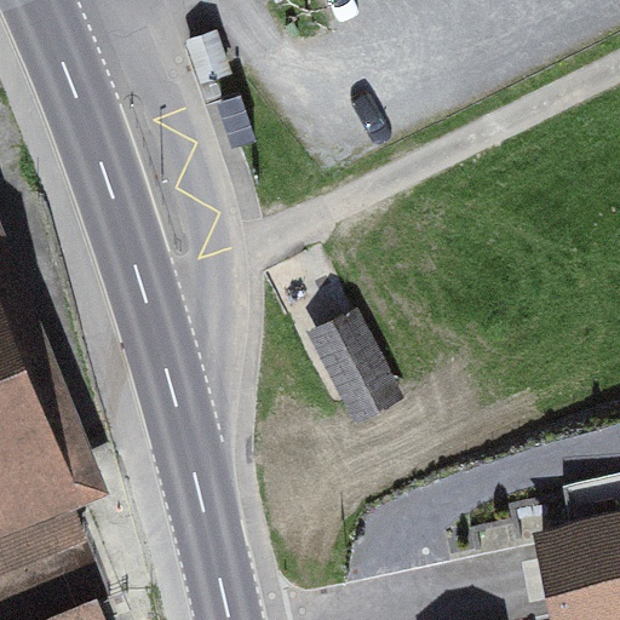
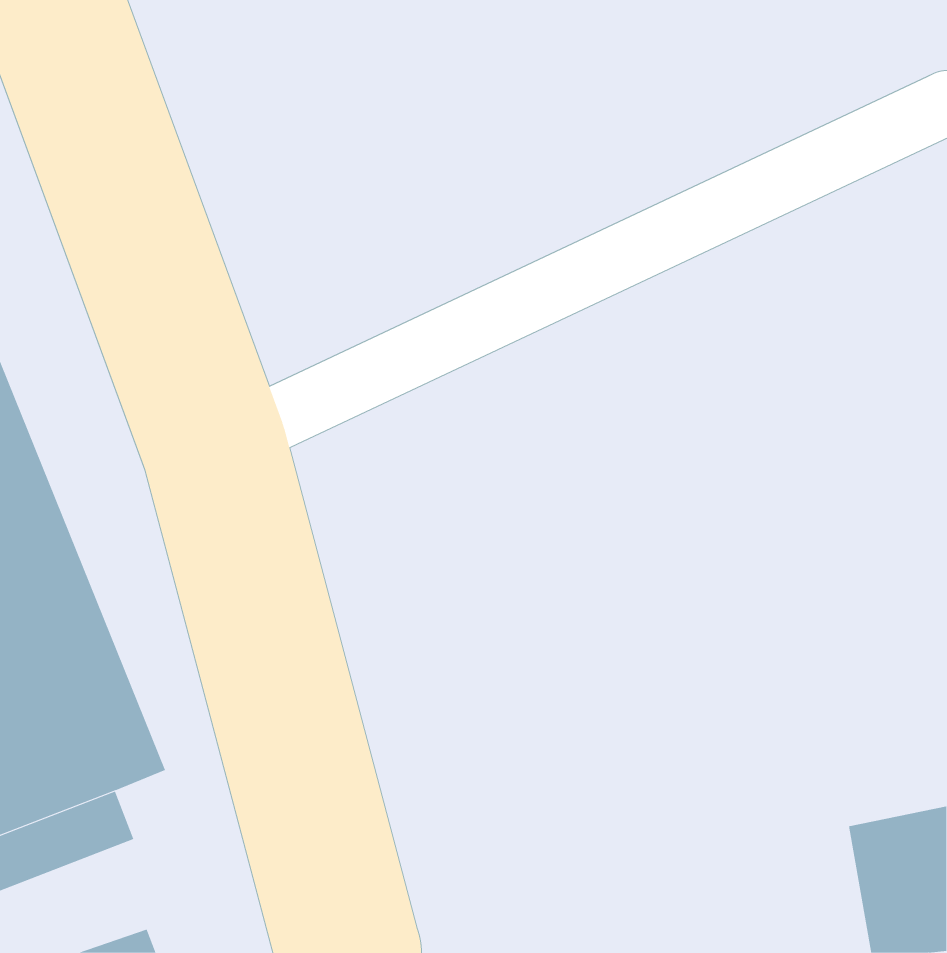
building: [303,308,401,427] -> none

